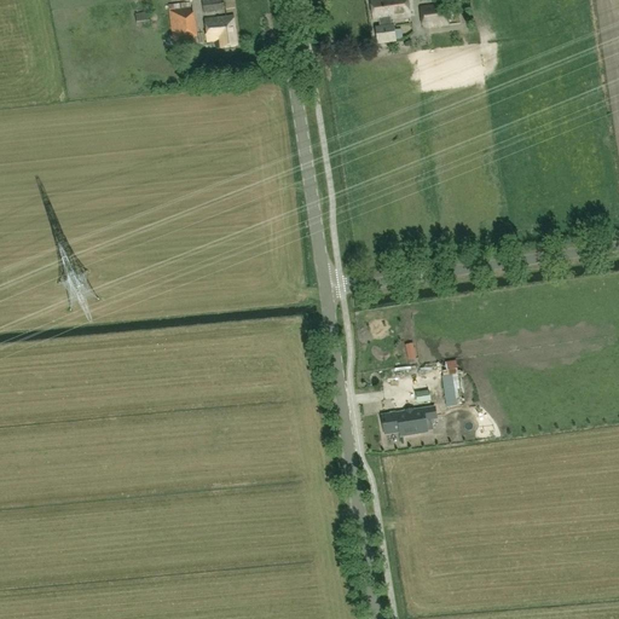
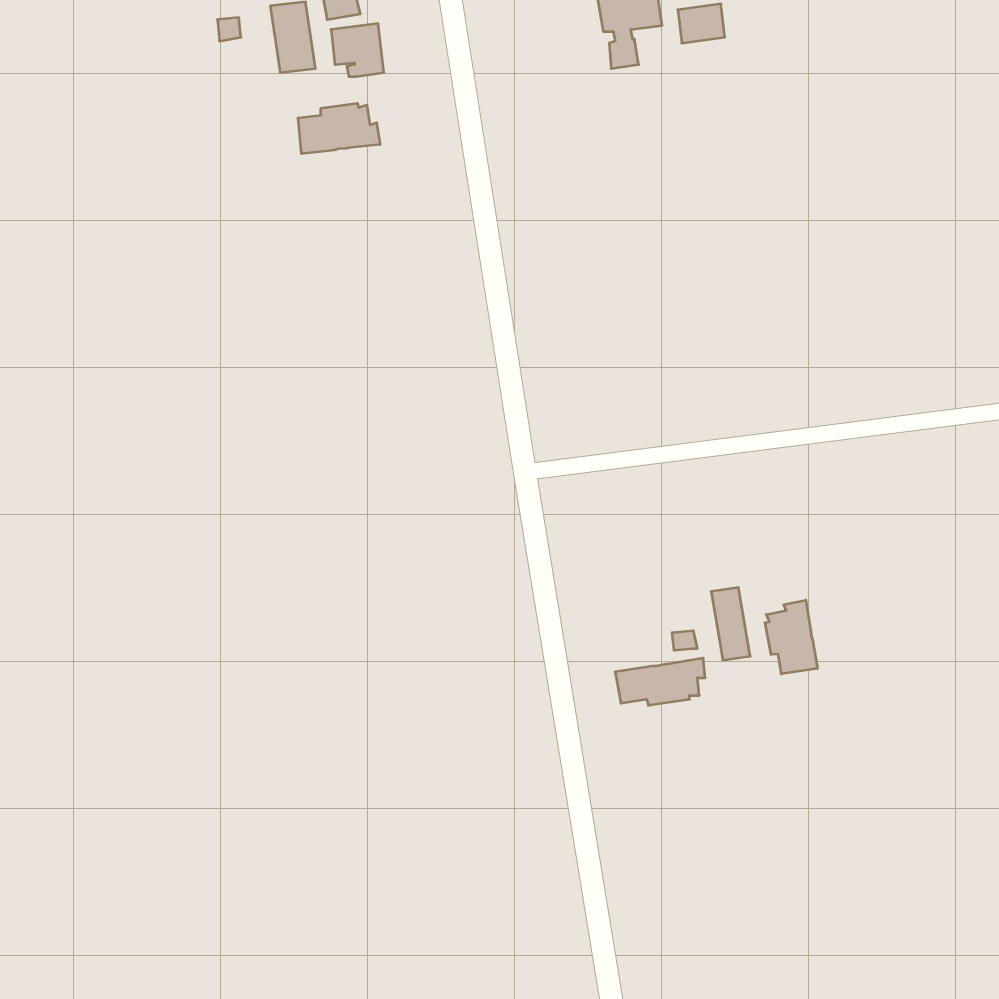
building: none -> [298,103,380,154]
building: none -> [765,600,817,674]

